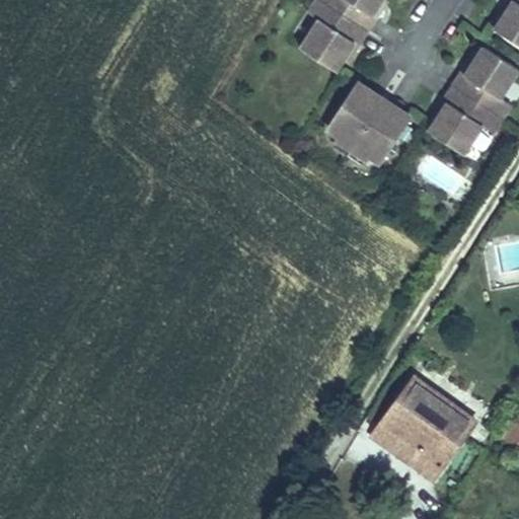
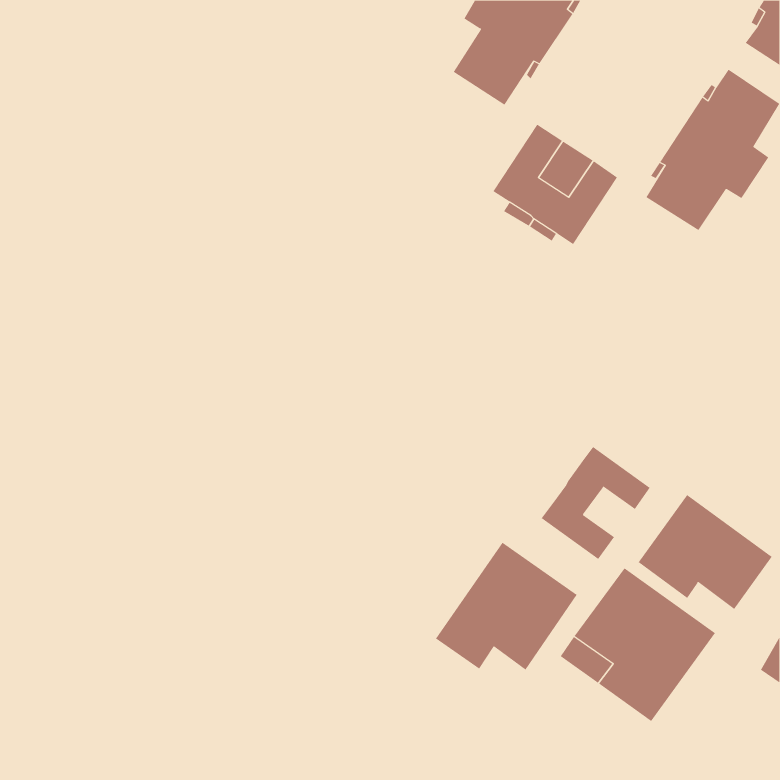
building: none -> [541,446,650,560]
building: none -> [638,494,772,610]
building: none -> [435,542,578,670]

